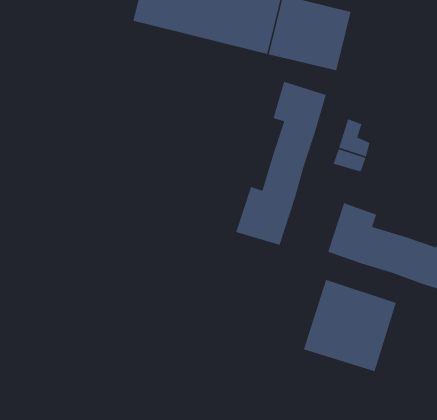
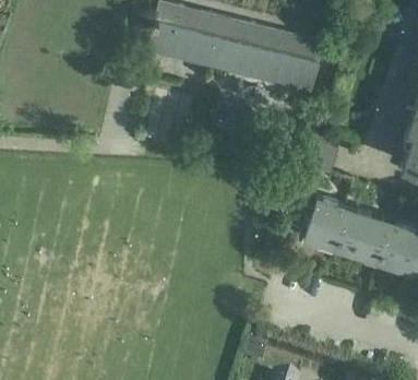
building: [235,81,327,246] -> none
building: [303,279,397,372] -> none

